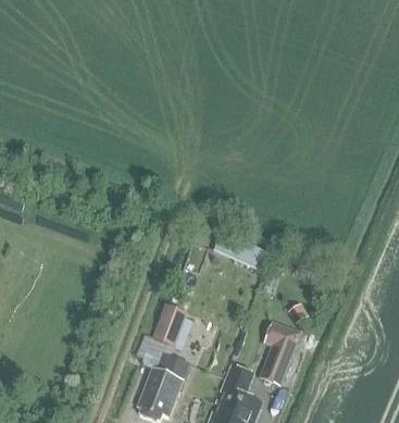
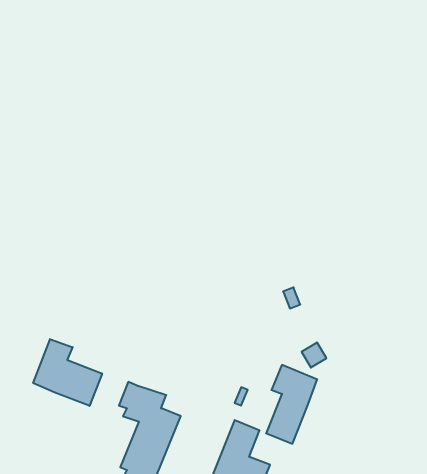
building: none -> [33,339,102,406]
building: [152,302,188,345] -> none

